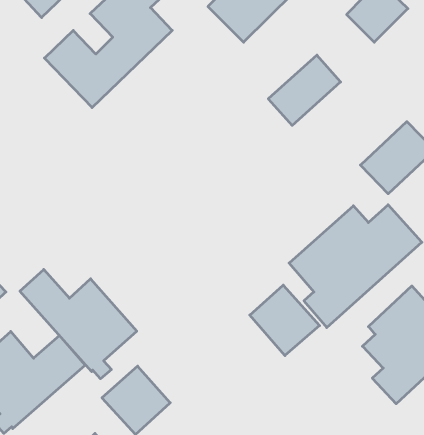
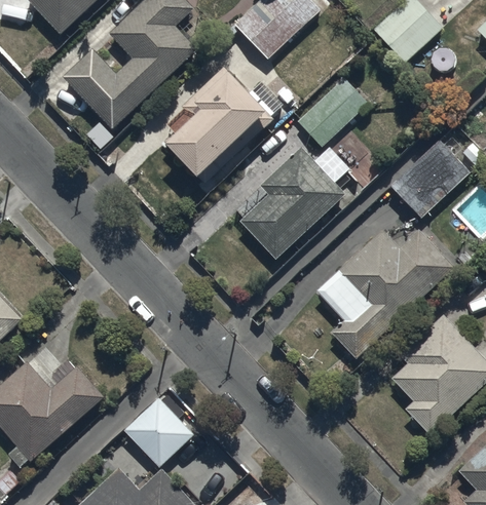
building: none -> [163,66,285,184]
building: none -> [239,145,349,260]
building: [20,269,137,379] -> none
building: [250,285,320,356] -> none

